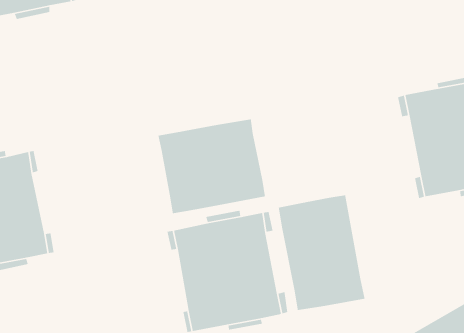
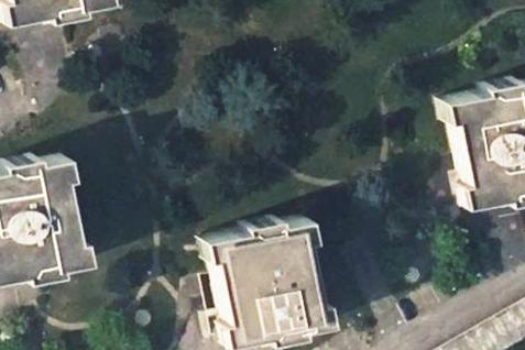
building: [157,119,266,214] -> none
building: [278,195,366,311] -> none

